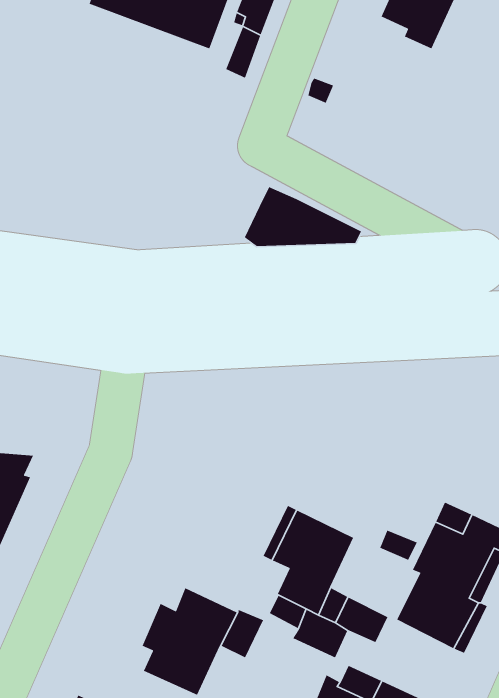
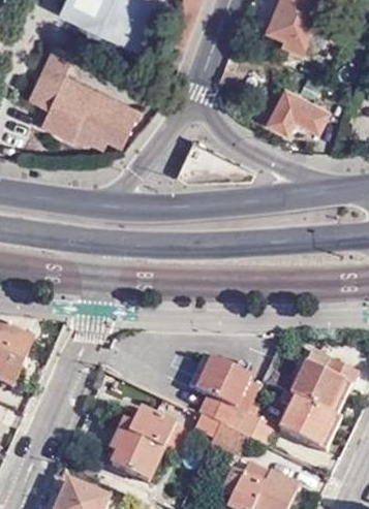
building: none -> [31,40,149,142]
building: none -> [268,90,327,133]

